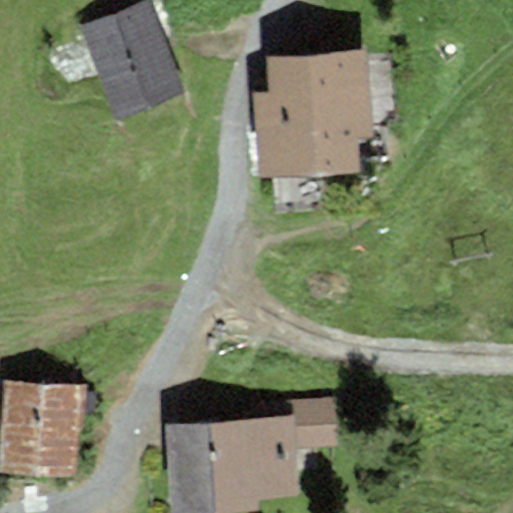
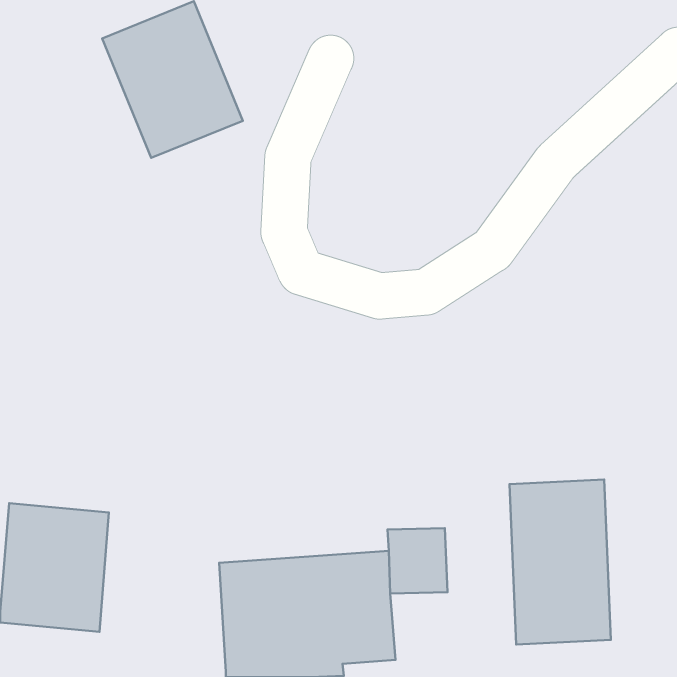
building: [252,49,376,177] -> none
building: none -> [509,480,611,644]

